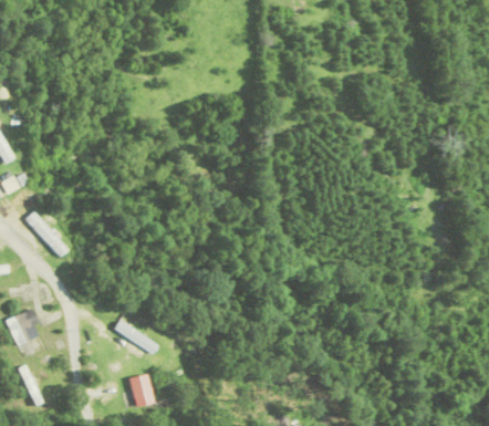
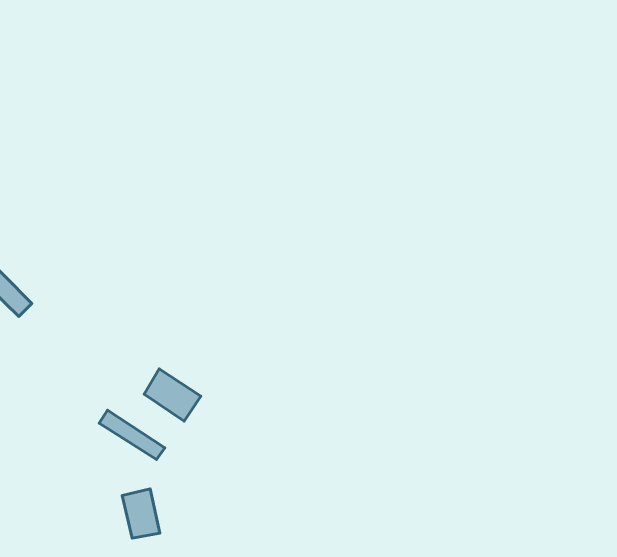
building: none -> [144,369,201,421]

